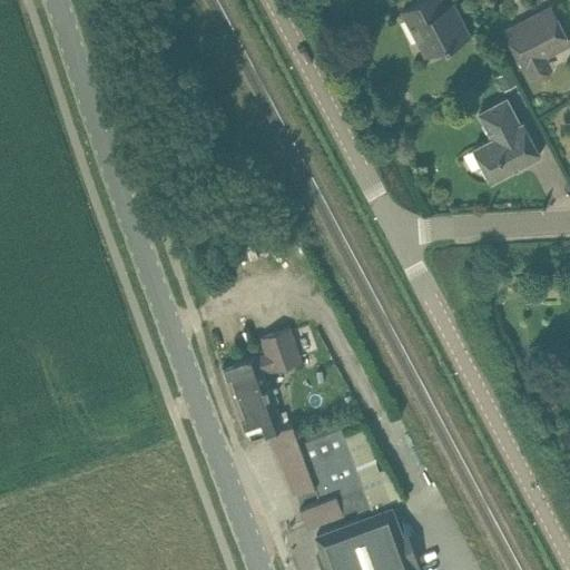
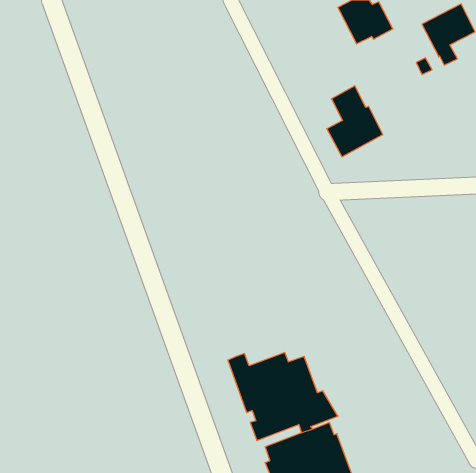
building: [472,100,539,185] -> [327,86,383,157]
building: [220,330,301,443] -> none

